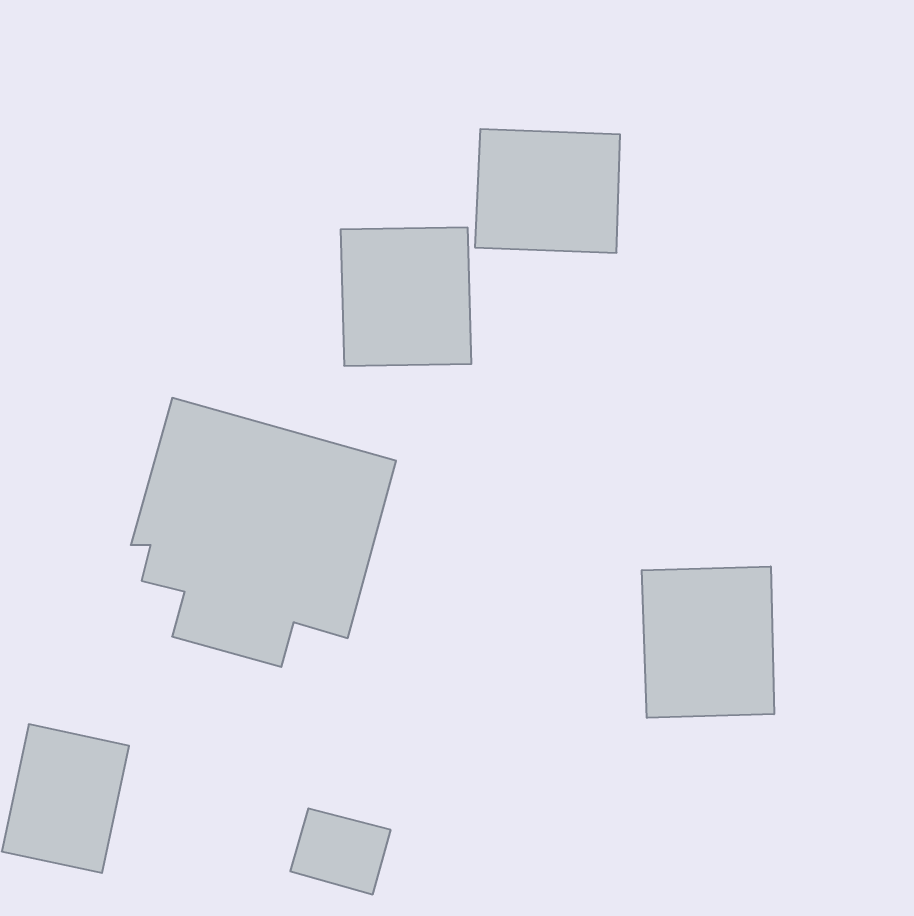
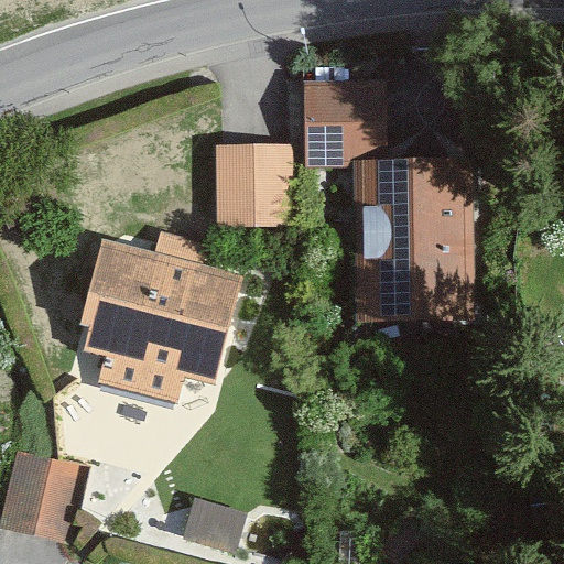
building: none -> [358,164,479,324]
building: [642,566,774,718] -> none

